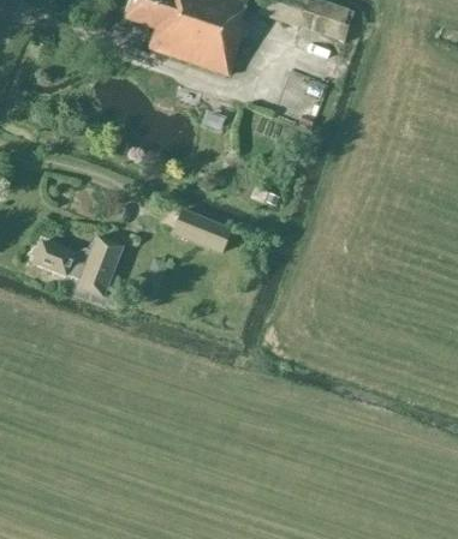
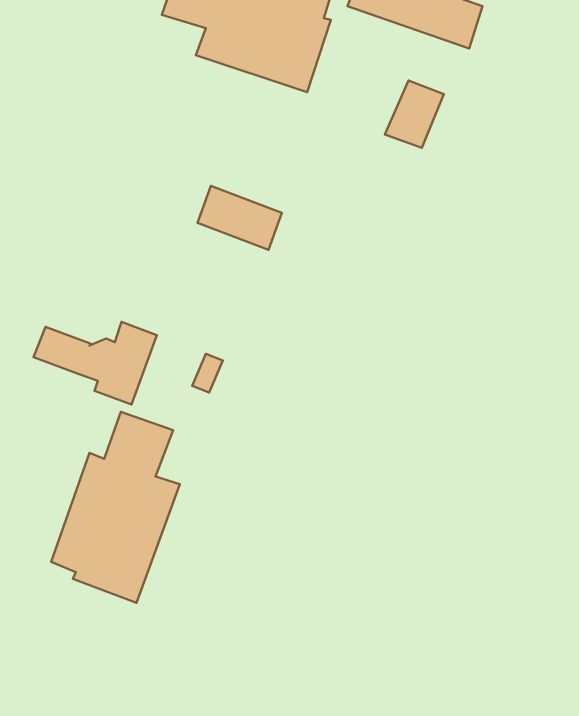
building: [173,208,233,253] -> [197,186,282,250]
building: none -> [51,412,180,603]

